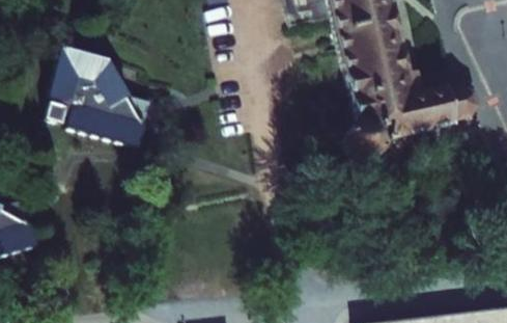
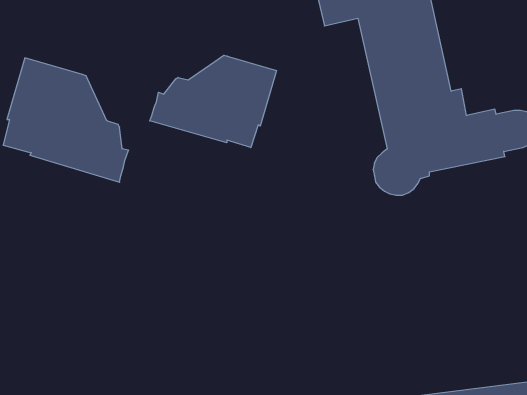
building: none -> [150,55,276,148]

